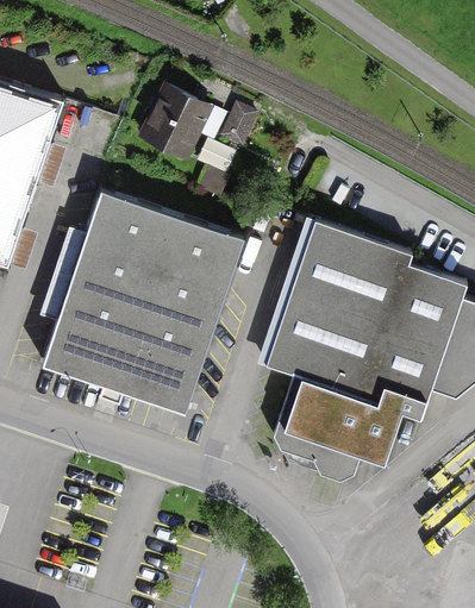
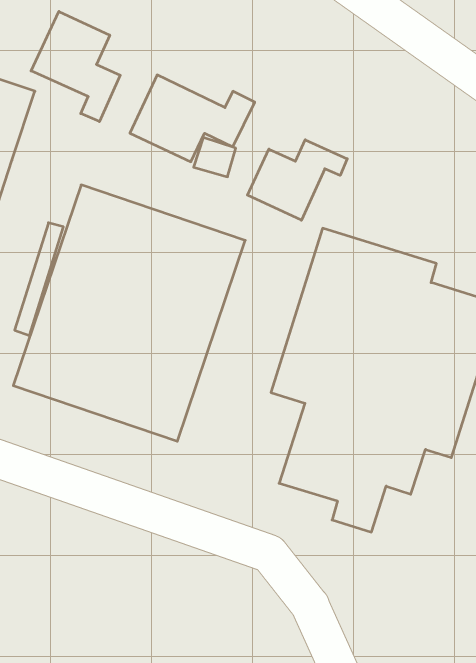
building: none -> [31,11,120,122]
building: none -> [247,140,347,220]

